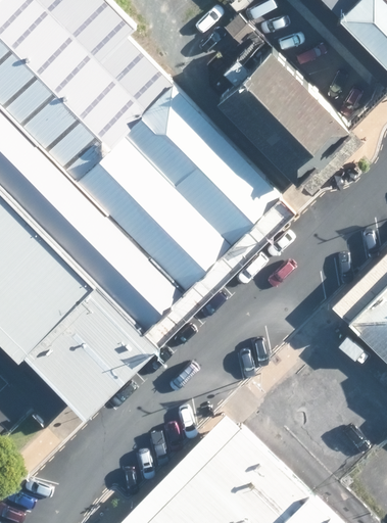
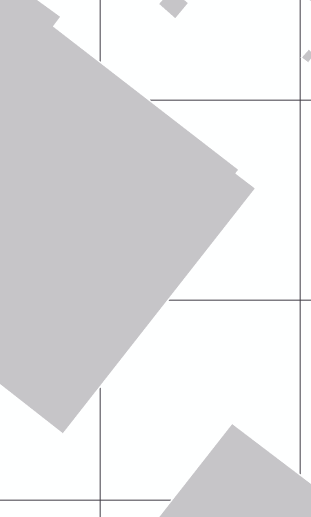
building: [212,42,348,176] -> none

